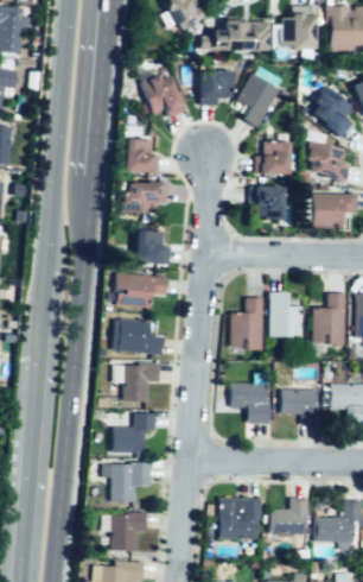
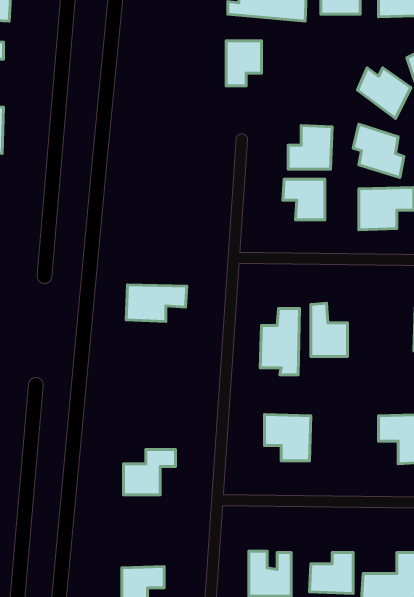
building: [241,64,280,129] -> none
building: [140,74,185,119] -> none
building: [122,137,160,173] -> none
building: [121,181,168,215] -> none
building: [130,230,172,264] -> none
building: [316,293,345,347] -> none
building: [119,317,165,356] -> none
building: [123,363,158,404] -> none
building: [282,390,321,423] -> none
building: [110,462,154,505] -> none

